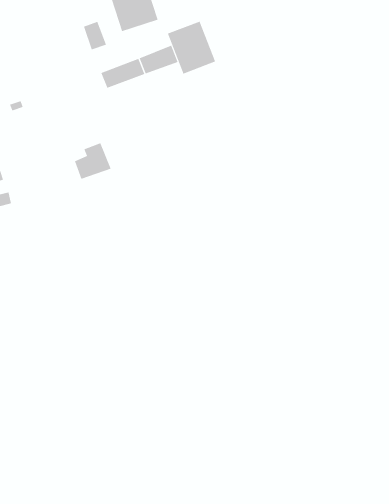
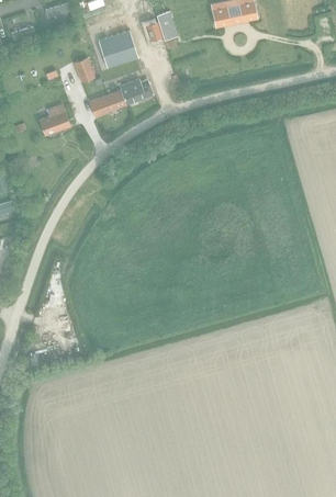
building: [167,21,216,74] -> none
building: [74,143,111,180] -> [38,102,69,133]

